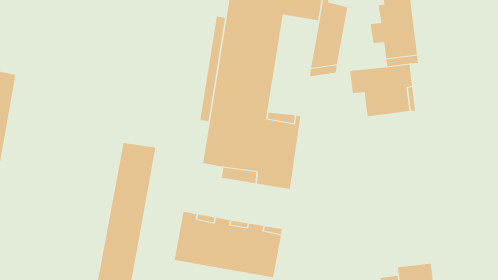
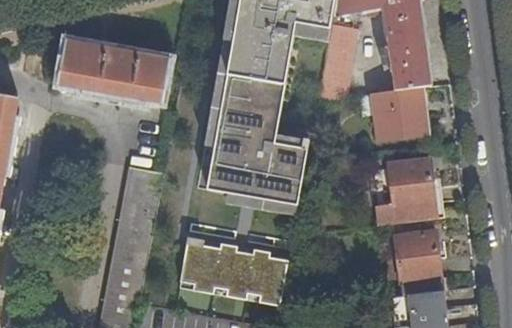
building: none -> [58,39,170,101]
building: none -> [374,157,434,224]
building: none -> [394,229,443,294]

